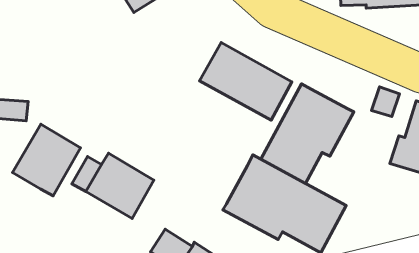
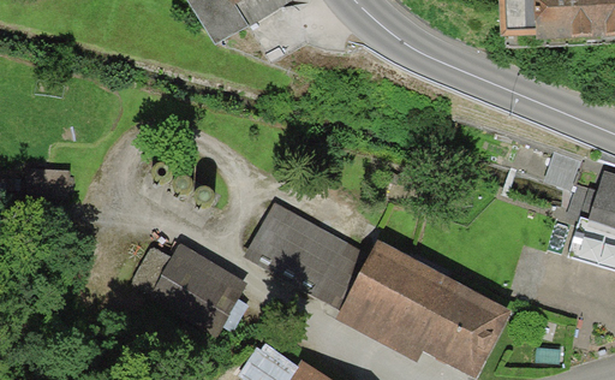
building: [199,42,292,120] -> [246,203,374,310]
building: [261,84,354,184] -> none
building: [13,124,81,196] -> none

